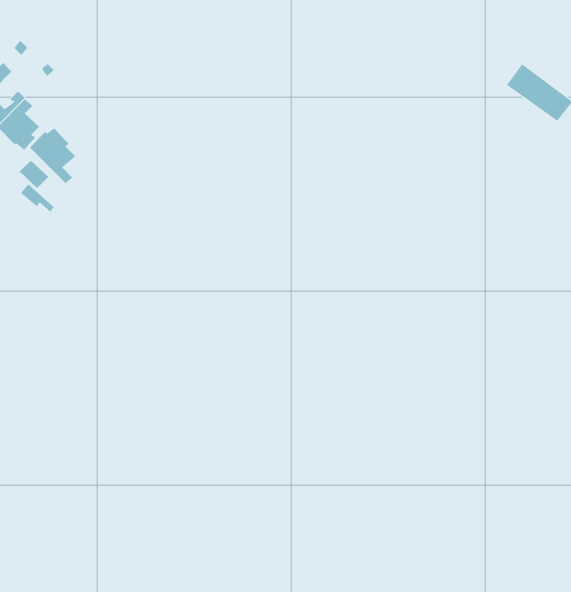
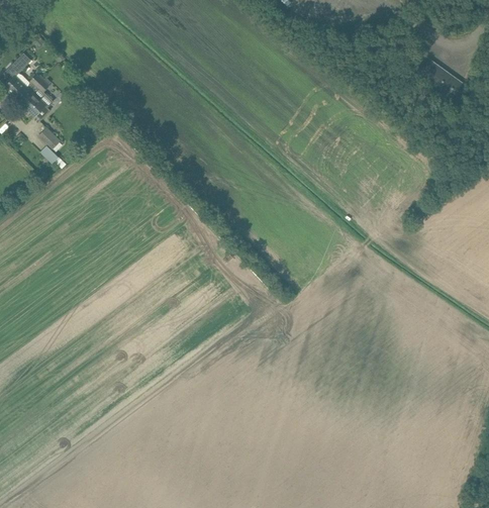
building: [29,127,76,185] -> none

